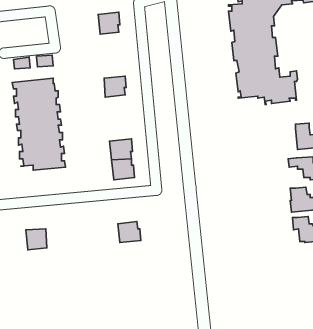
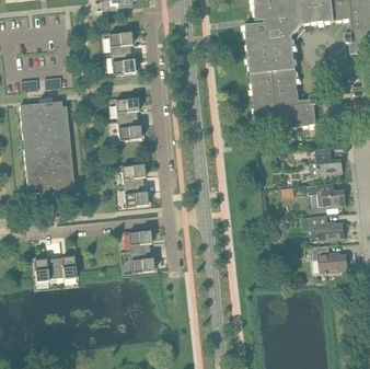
building: none -> [111,53,135,74]
building: none -> [116,118,140,140]
building: none -> [127,230,151,253]
building: none -> [54,256,76,279]

